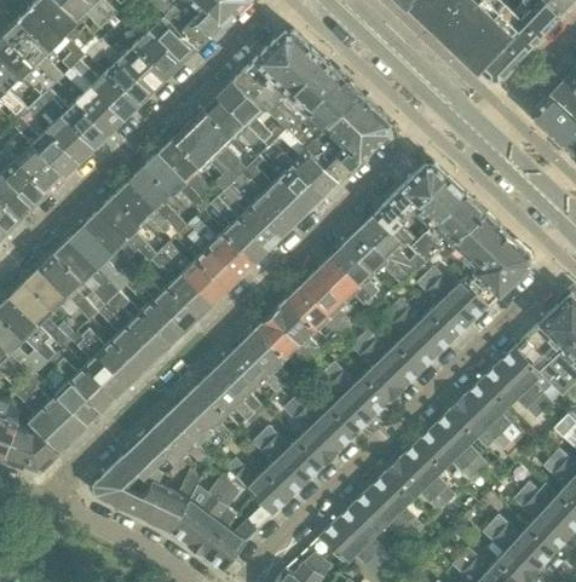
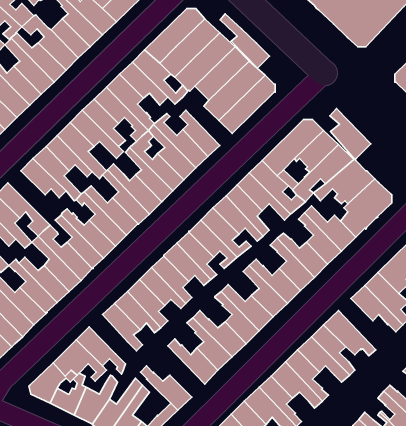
building: [278,131,338,196] -> [220,14,269,68]
building: none -> [330,109,371,160]
building: [68,226,133,292] -> none
building: [466,380,518,442] -> none
building: [166,399,223,450] -> none
building: [253,437,305,499] -> none

